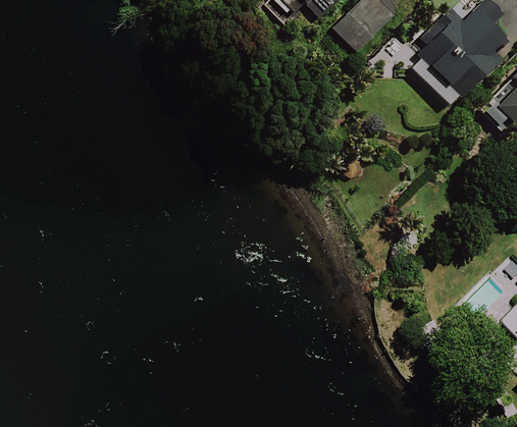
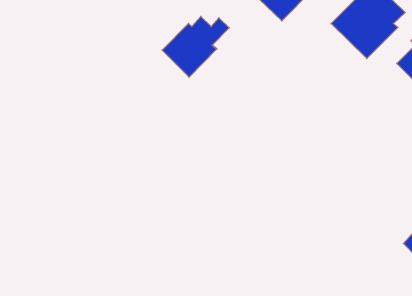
building: none -> [162,16,229,77]

